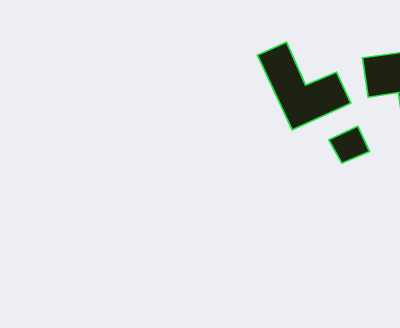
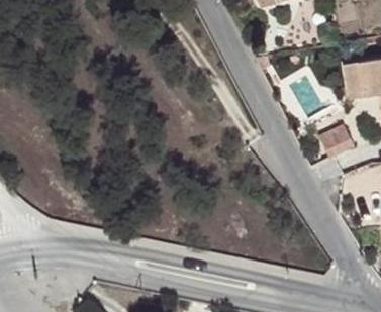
building: [258,42,351,130] -> none

